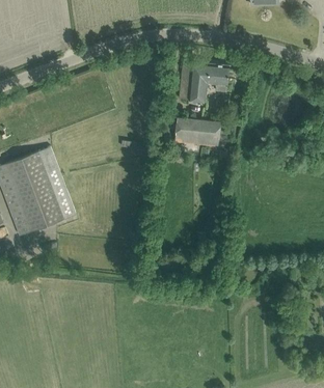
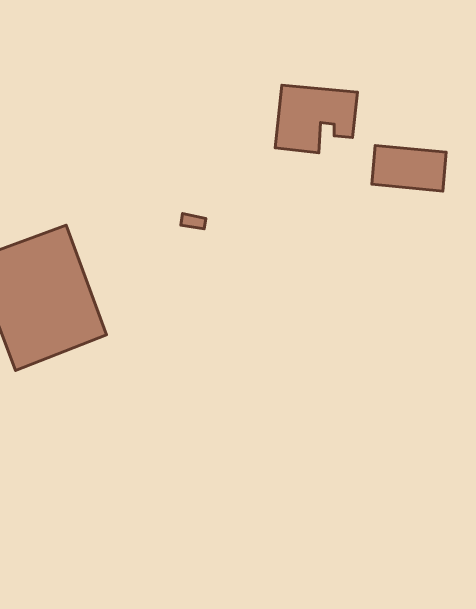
building: [174,117,220,145] -> [372,146,446,191]

